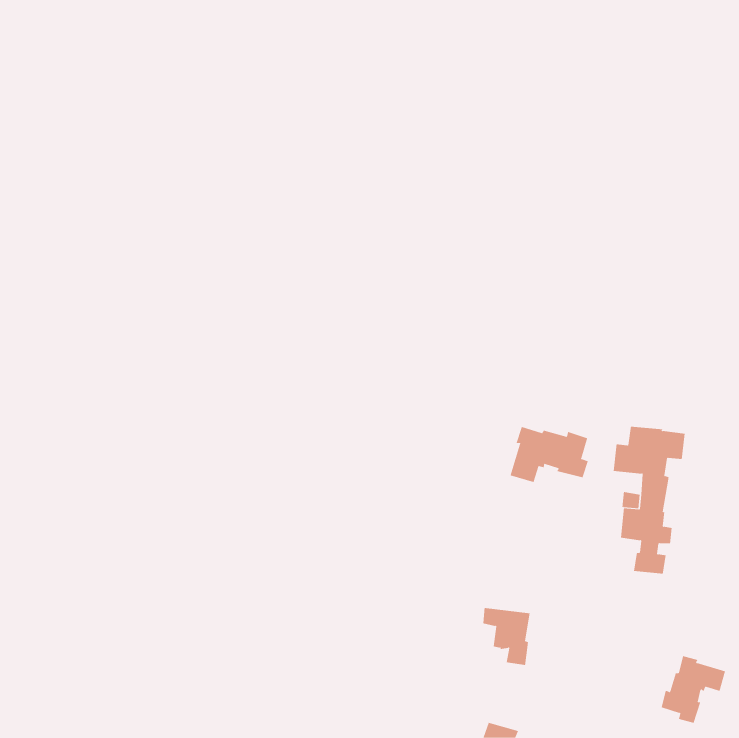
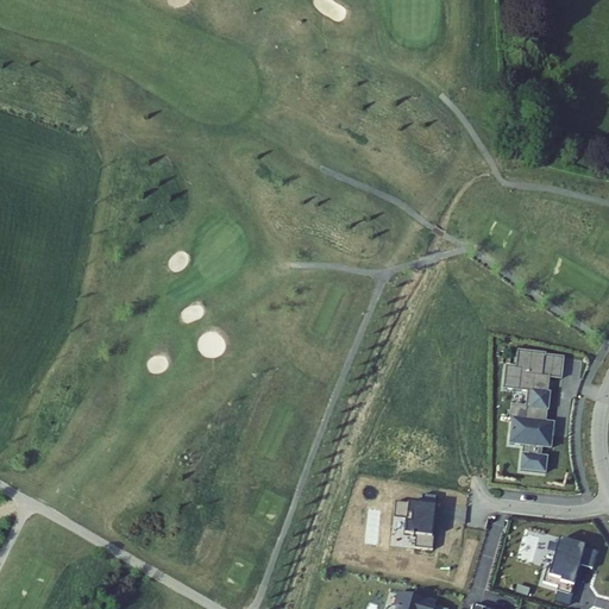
building: [510,426,589,483] -> none

